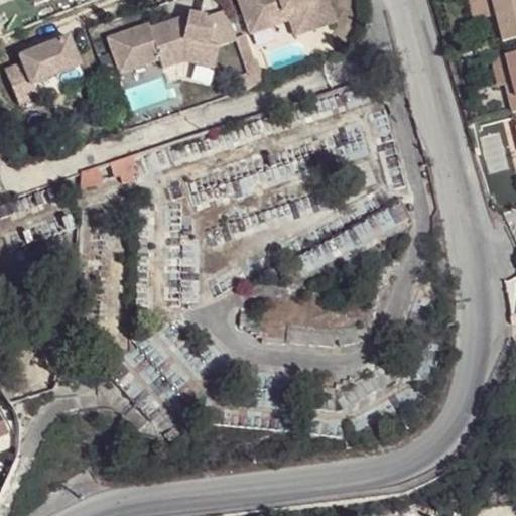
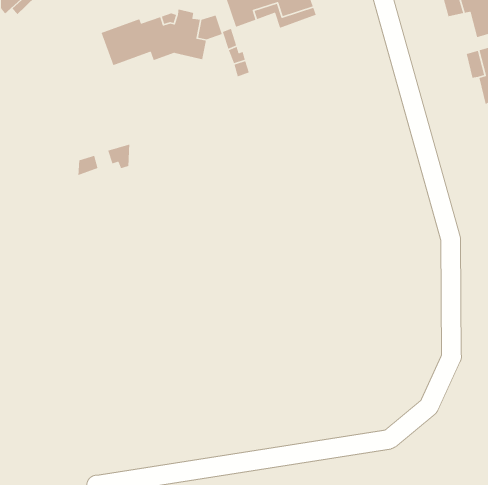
building: [7,41,82,111] -> none

